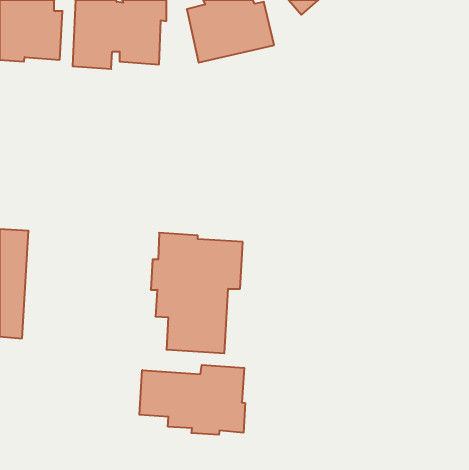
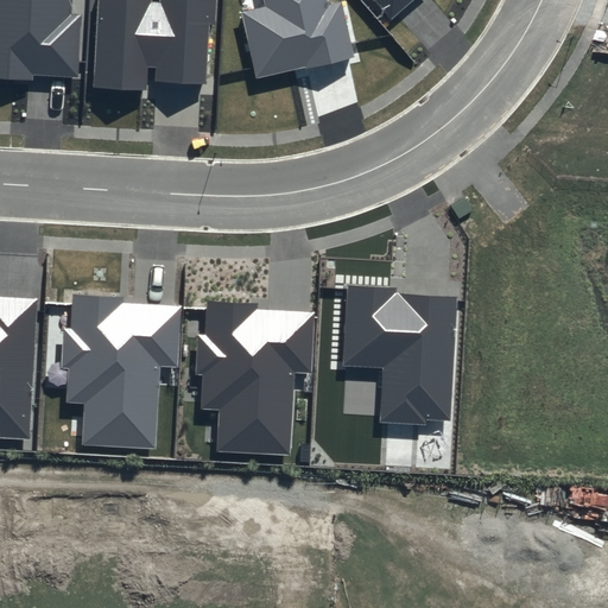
building: none -> [343,285,456,425]
building: none -> [61,294,179,450]
building: [139,365,245,435] -> none

